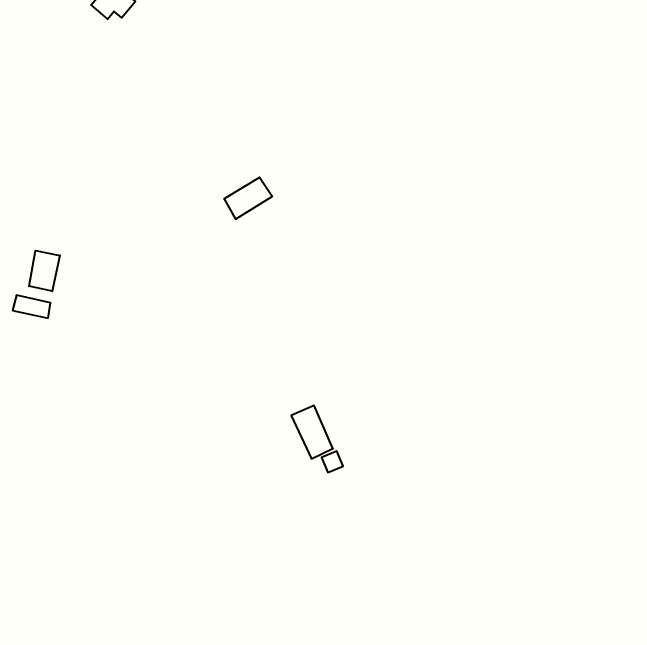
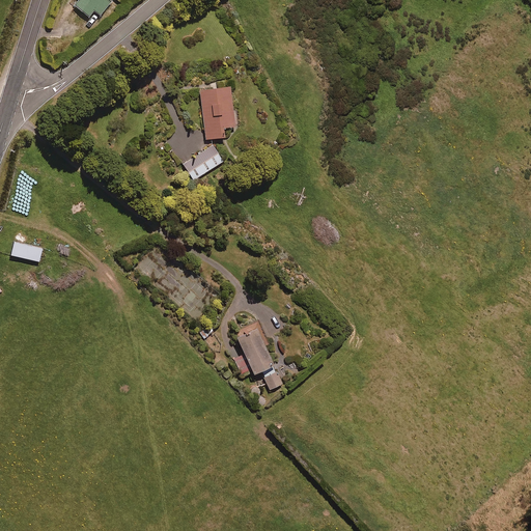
building: none -> [200,87,234,139]
building: [29,251,60,291] -> none

